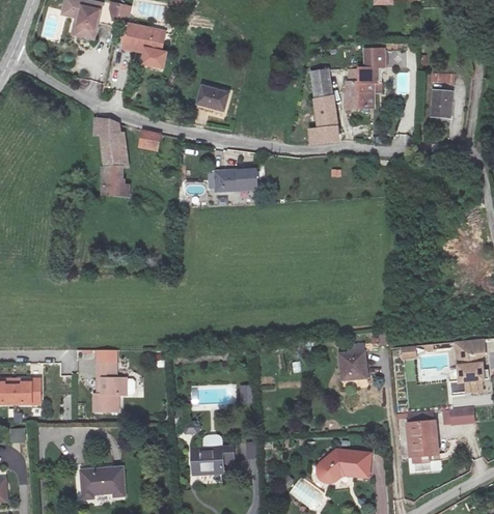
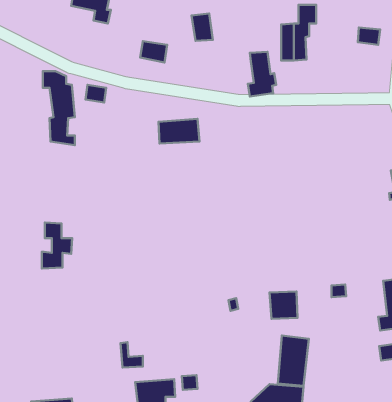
building: [310,68,333,97] -> [192,14,213,41]
building: [428,93,451,123] -> none
building: [95,358,128,406] -> [42,223,72,268]
building: none -> [278,335,309,386]
building: [406,424,438,456] -> none

